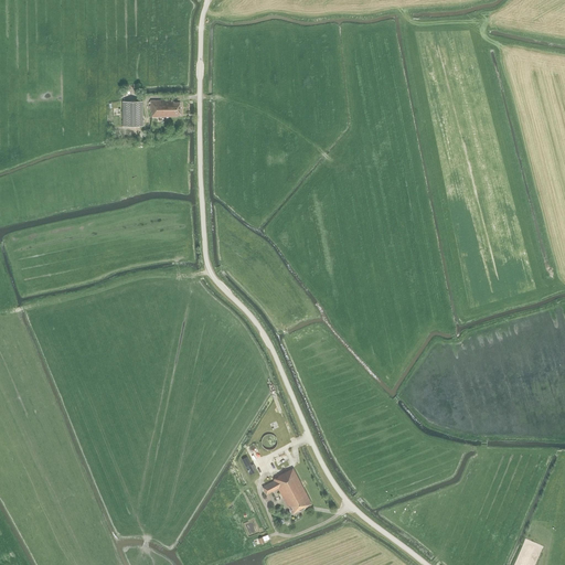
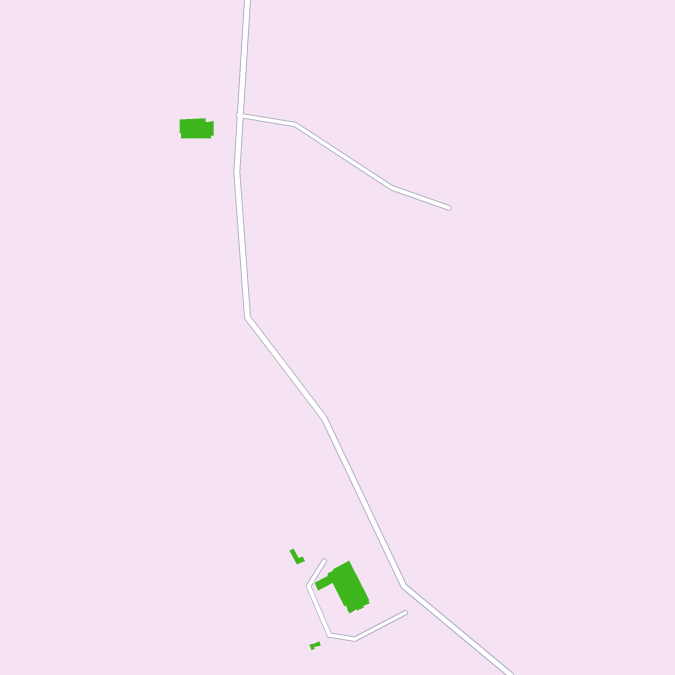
building: [121,99,141,125] -> none

